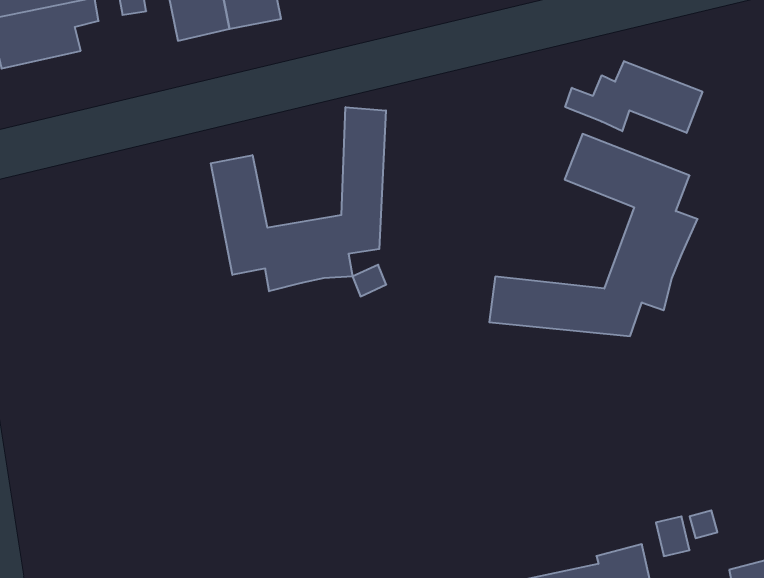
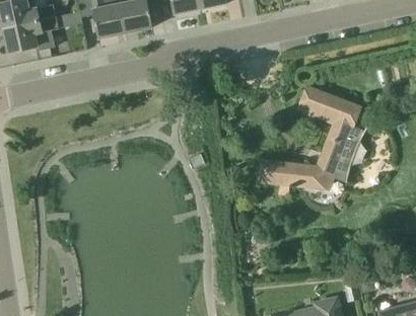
building: [565,61,702,133] -> none
building: [211,107,386,291] -> none

